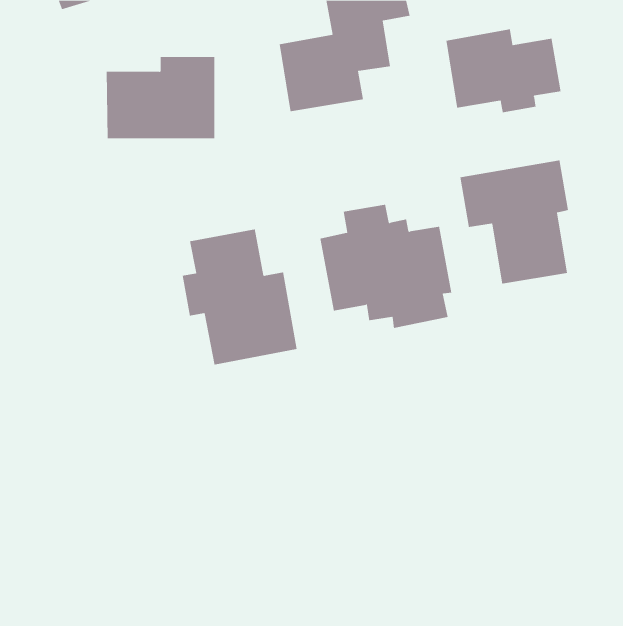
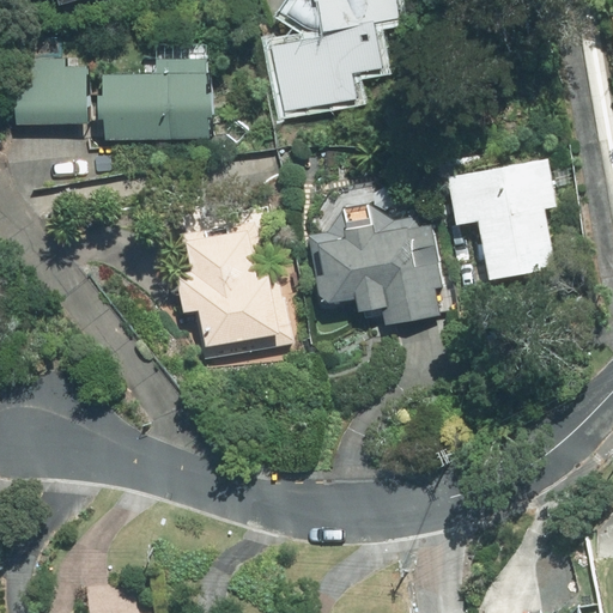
building: [446,28,561,113] -> none
building: none -> [13,60,87,123]

